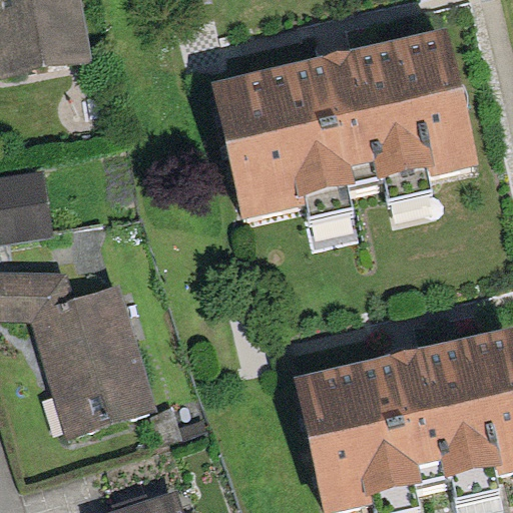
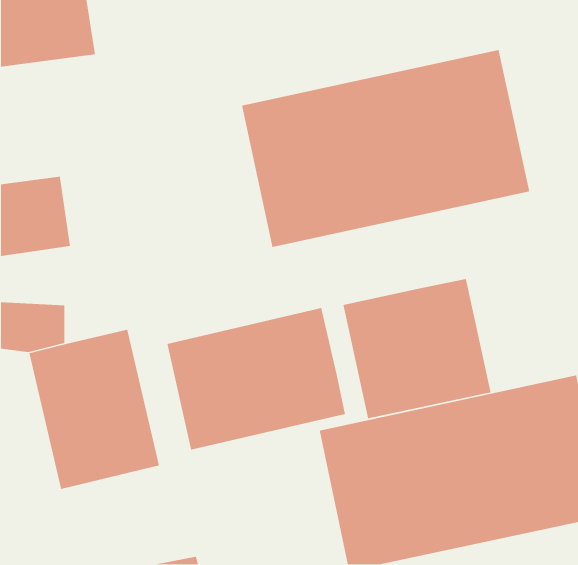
building: none -> [343,278,492,419]
building: none -> [166,307,346,451]

